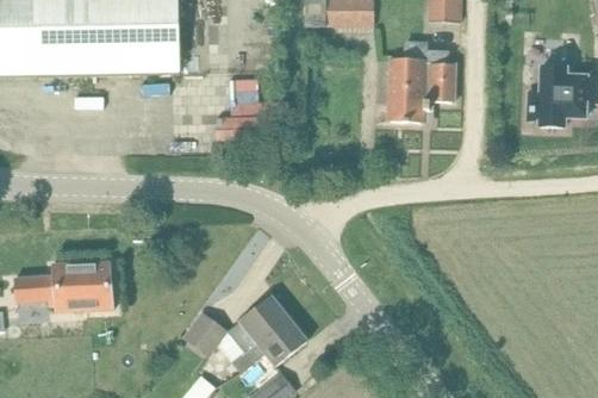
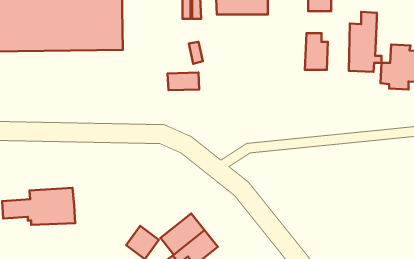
building: [388,42,432,123] -> [349,12,381,72]

